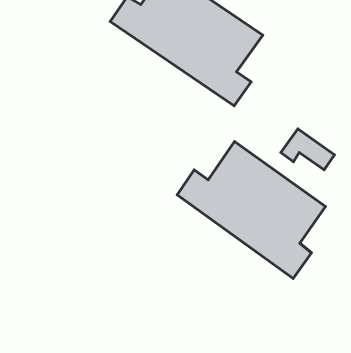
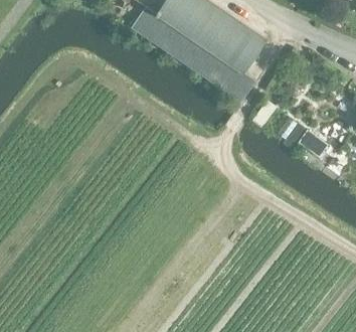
building: [177,141,325,278] -> none

